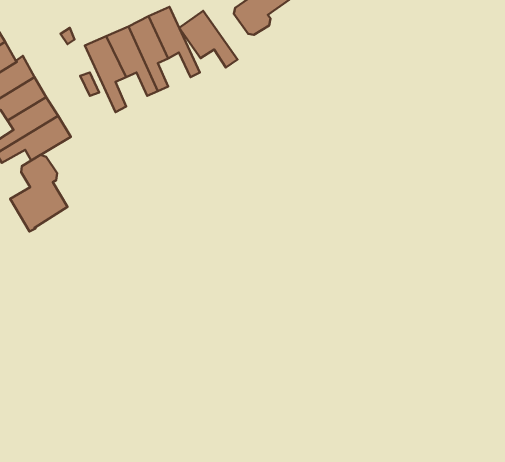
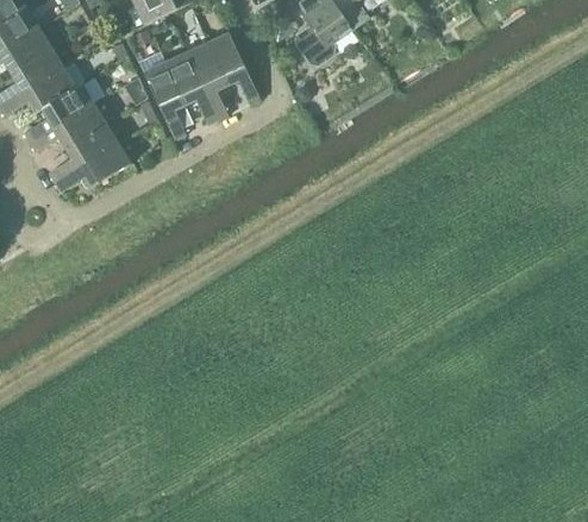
building: [179,11,238,67] -> none
building: [10,155,67,231] -> none

